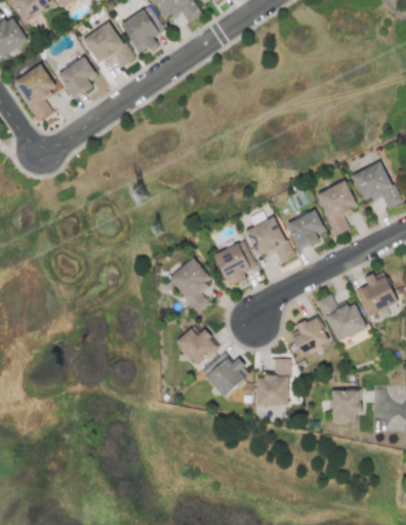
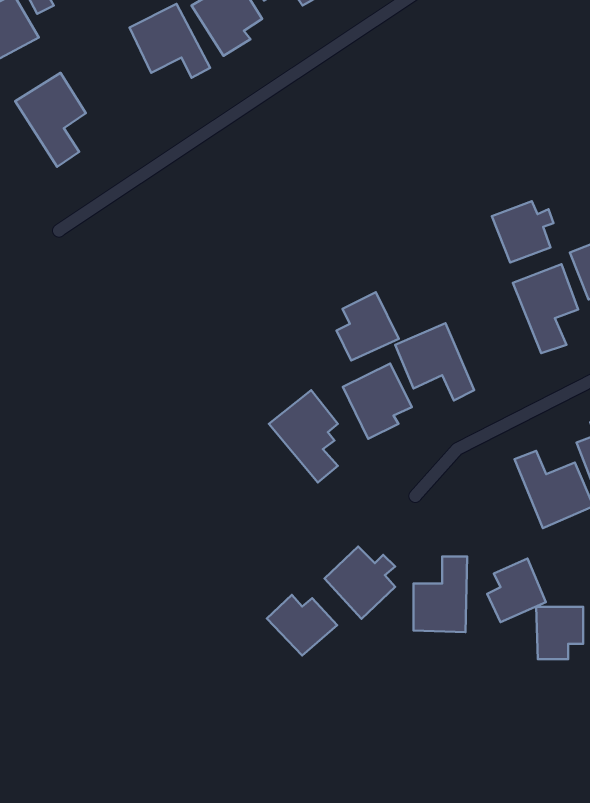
building: [58,56,97,98] -> none
building: none -> [492,201,554,263]
building: none -> [336,292,399,360]
building: [287,209,326,250] -> none
building: [293,316,329,355] -> [487,558,546,622]
building: [176,328,219,365] -> [267,595,337,655]

